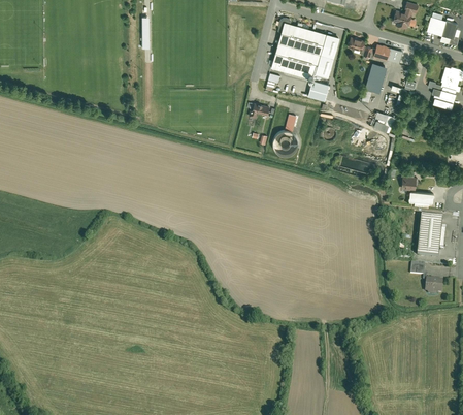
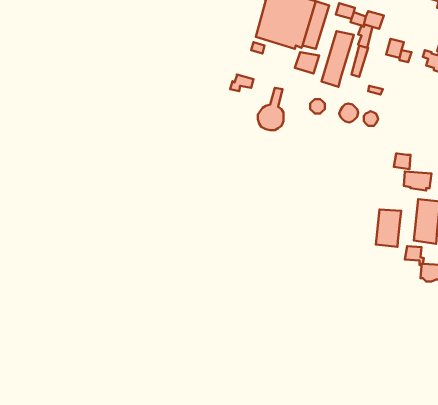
building: none -> [322,31,354,87]
building: none -> [376,209,401,247]

